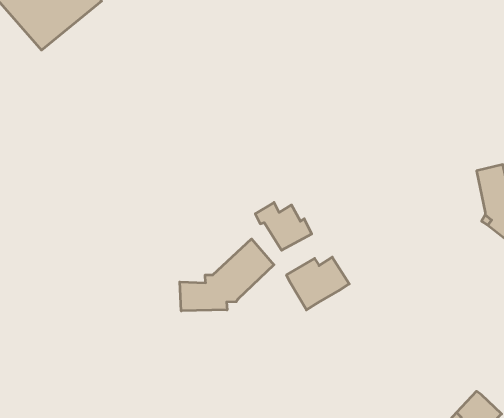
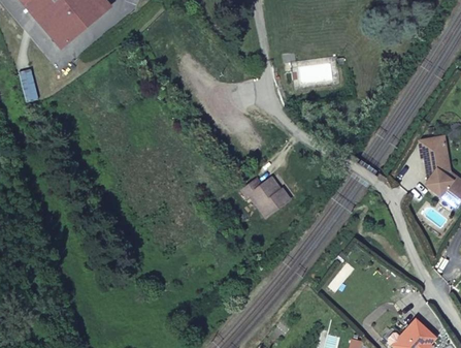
building: [180,239,274,311] -> none
building: [287,257,349,310] -> none

